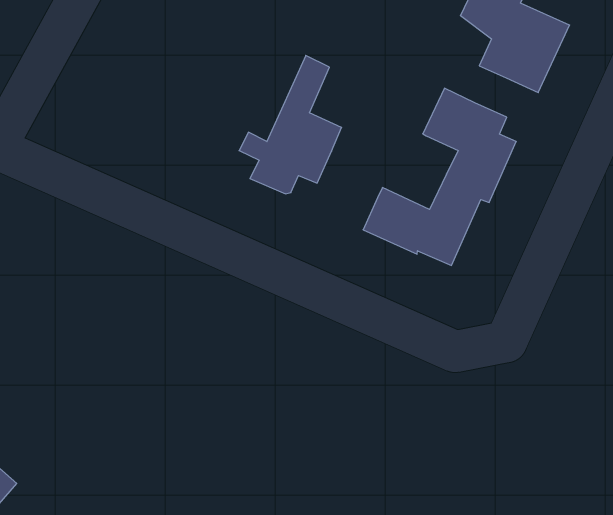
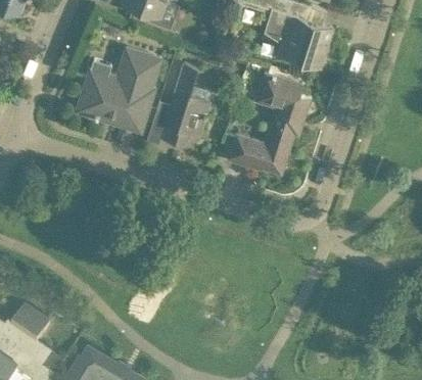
building: none -> [77,47,159,131]

